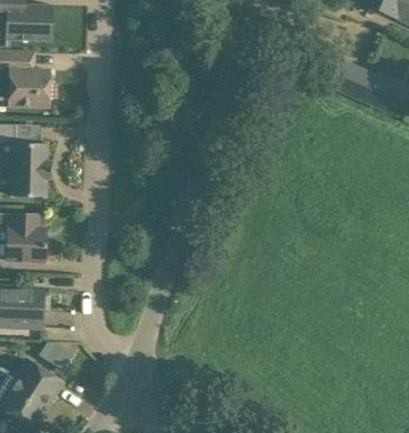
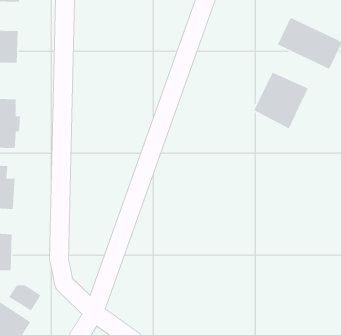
building: none -> [253,71,309,130]

